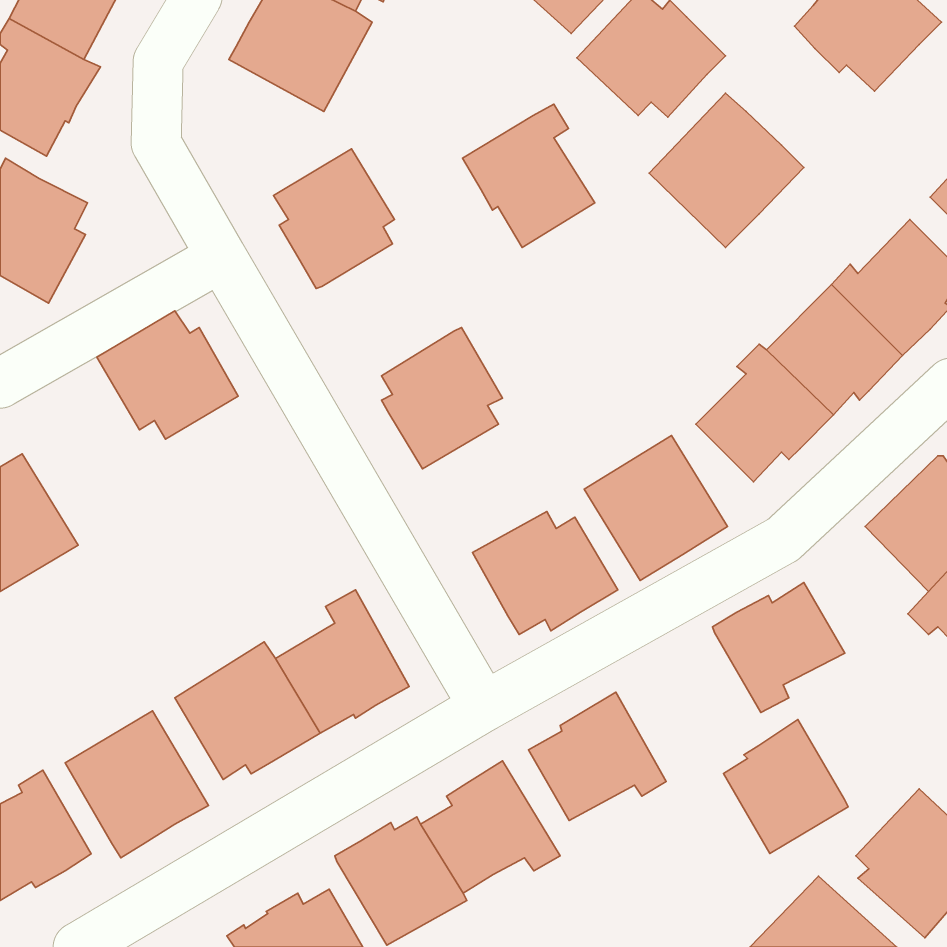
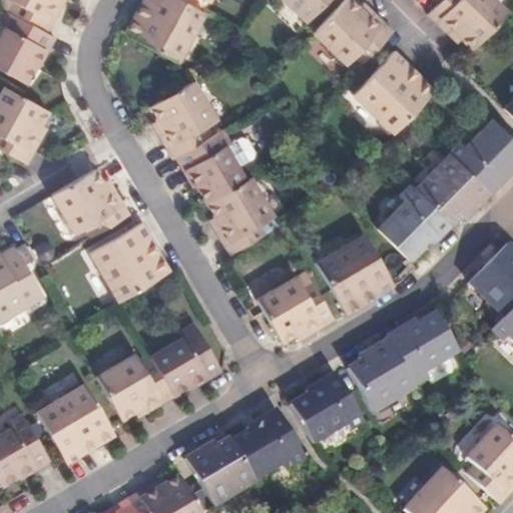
building: [463,104,595,248] -> [175,125,246,202]
building: none -> [92,222,170,300]
building: [723,720,848,853] -> [347,341,414,413]

